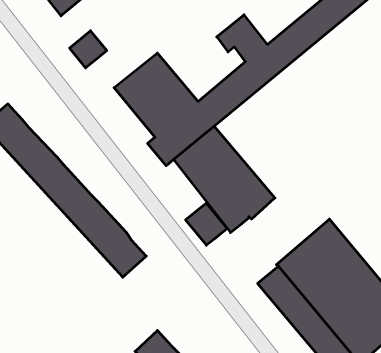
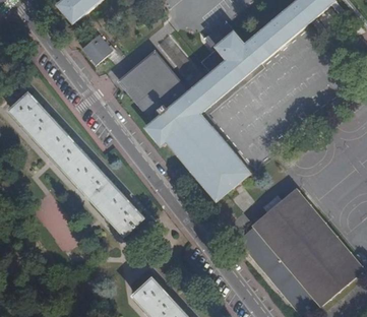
building: [186,203,227,245] -> none

